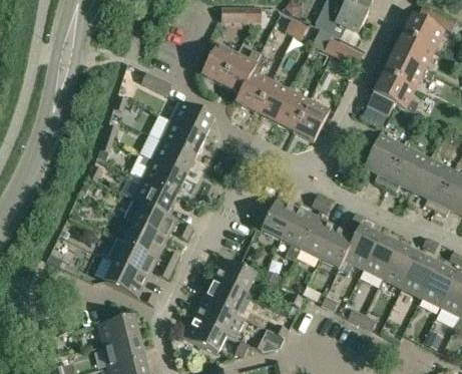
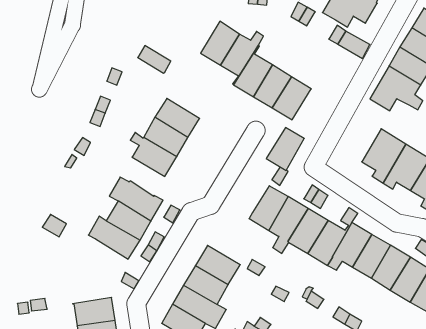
building: [294,99,329,140] -> [266,128,304,170]
building: [171,100,213,136] -> none
building: [132,178,175,215] -> none
building: [103,260,146,297] -> none

